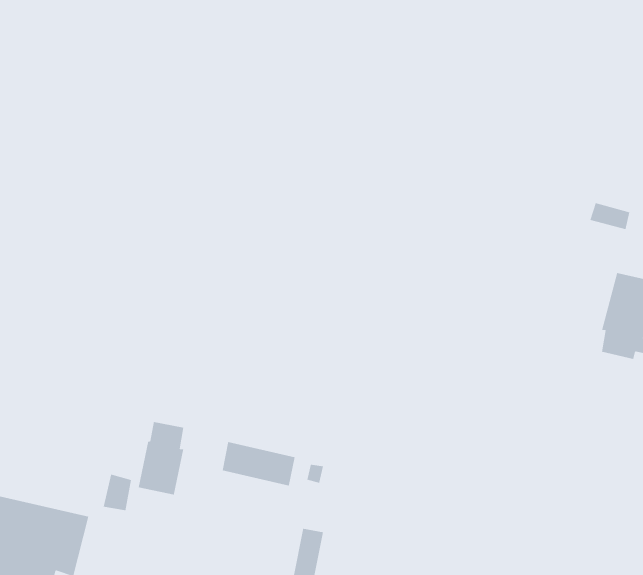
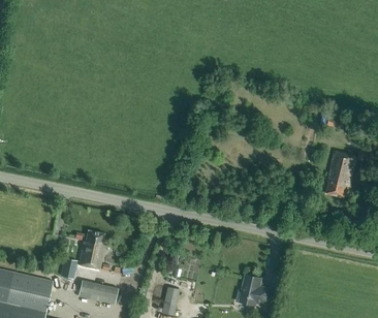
building: [222,441,295,486] -> [77,280,117,304]
building: none -> [234,274,271,307]

